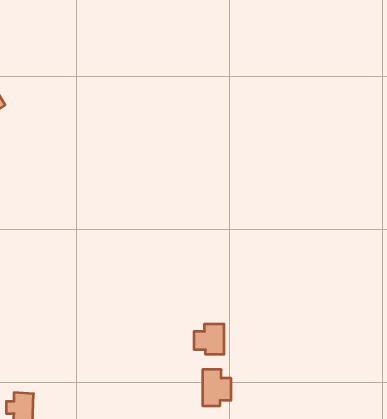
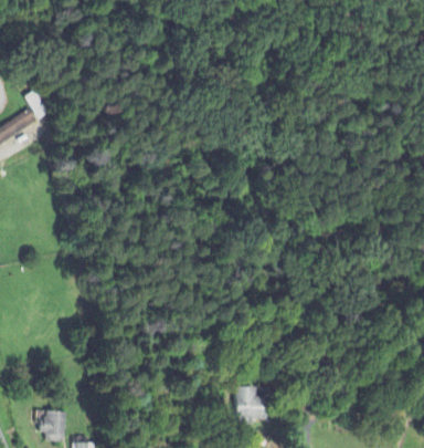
building: [194,324,224,354] -> none

